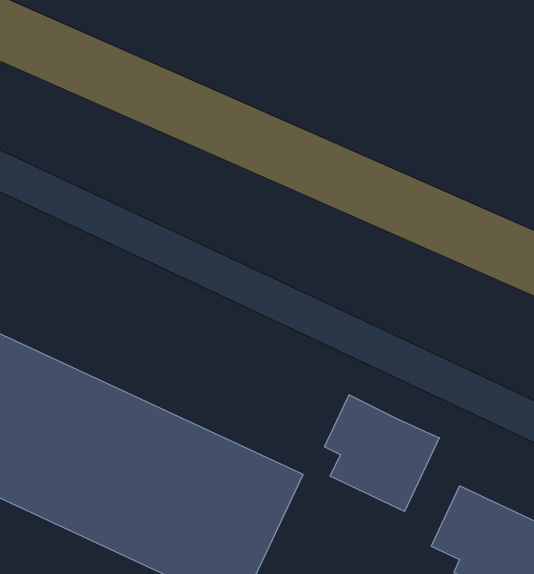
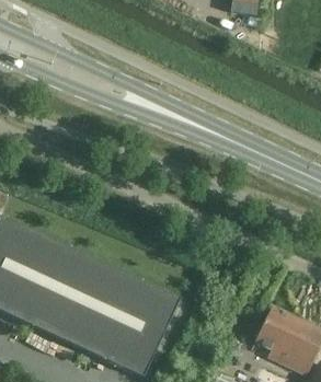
building: [325,395,439,511] -> none

